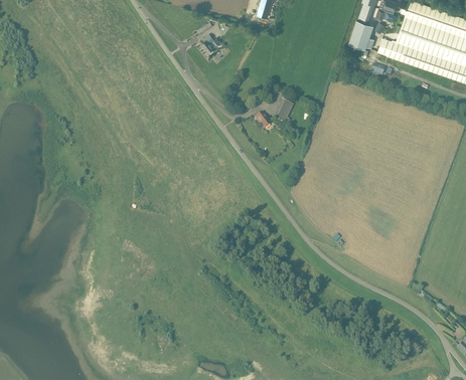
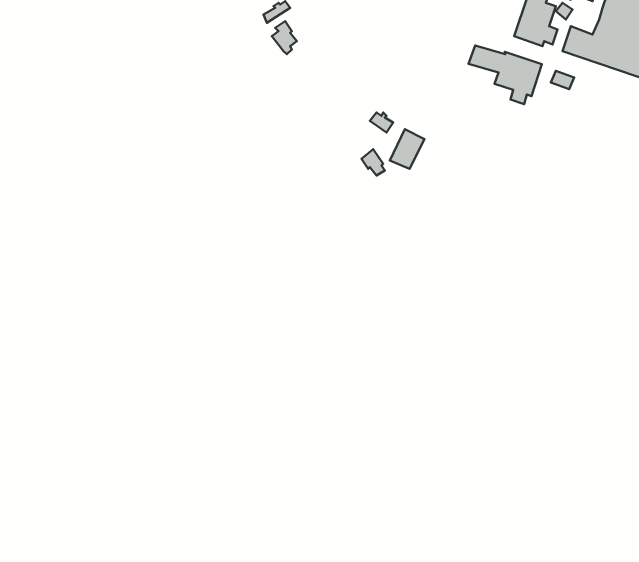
building: none -> [469,46,542,104]

